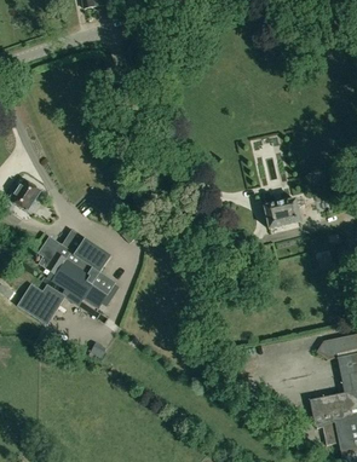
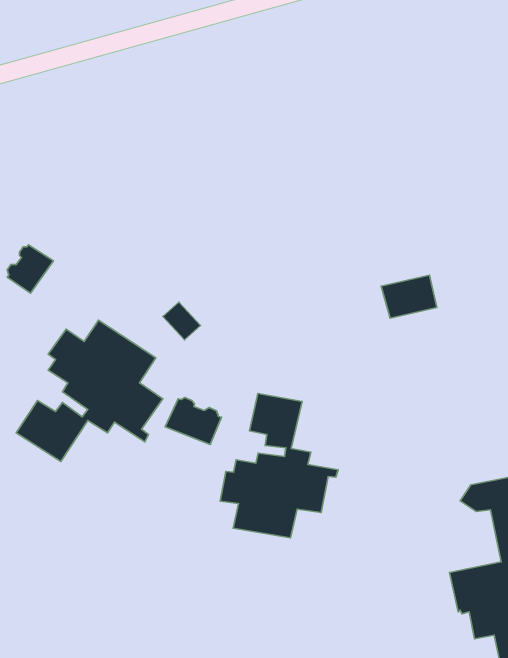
building: none -> [220,394,338,538]
building: none -> [165,398,221,444]

